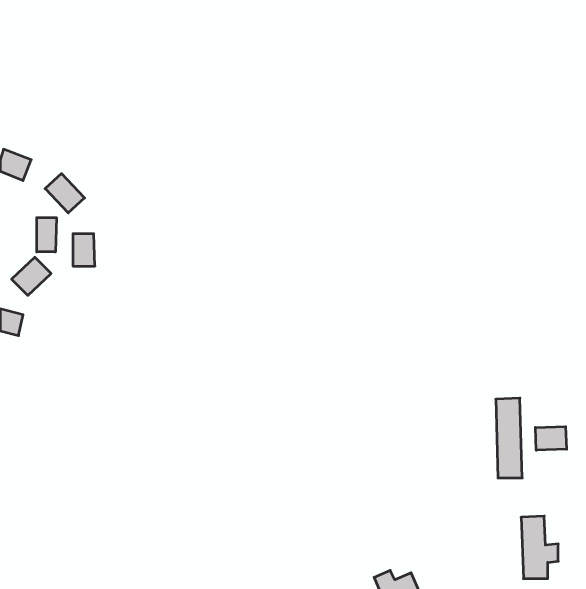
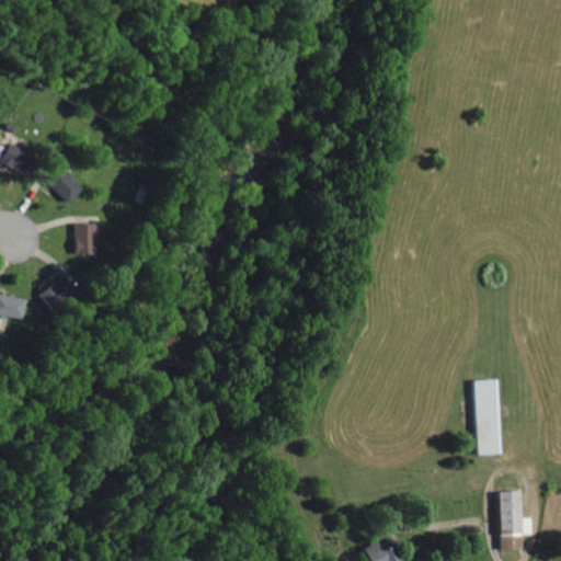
building: [37,218,56,252] -> none
building: [12,257,51,295] -> [39,275,77,311]
building: [535,427,567,450] -> none

